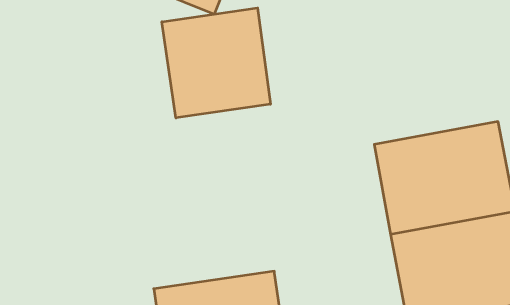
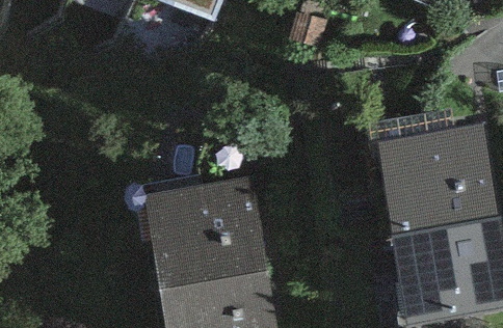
building: [162,8,270,118] -> none
building: none -> [143,179,272,281]

